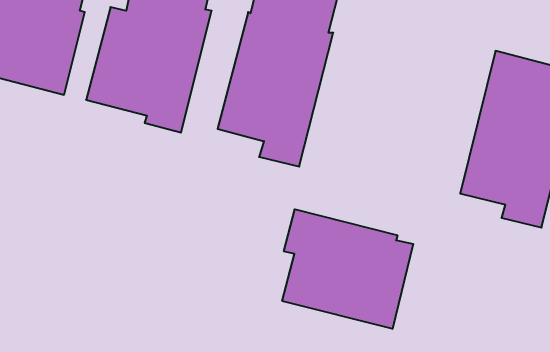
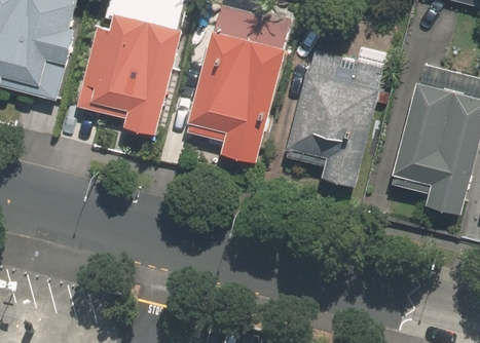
building: none -> [285,50,385,184]
building: [282,209,413,329] -> none

